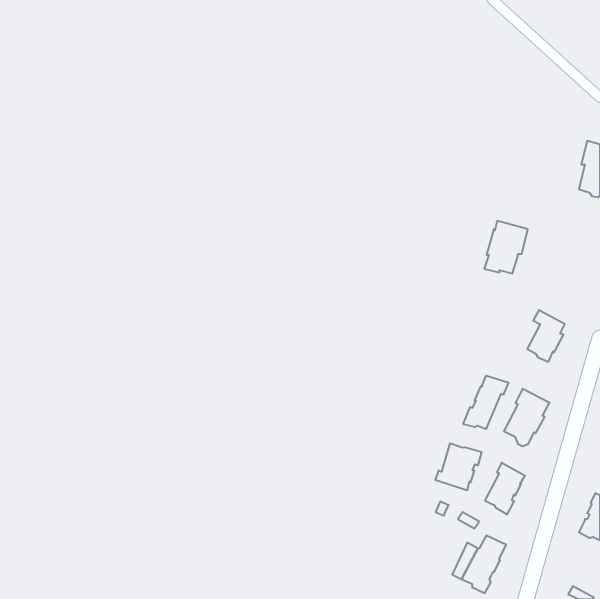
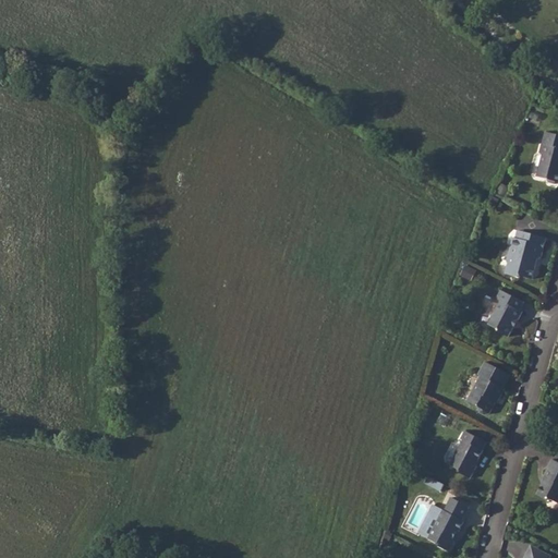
building: [484,221,528,274] -> [506,229,546,278]
building: [463,376,508,429] -> none
building: [436,443,481,490] -> none

